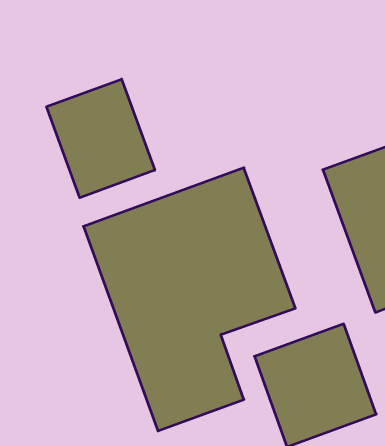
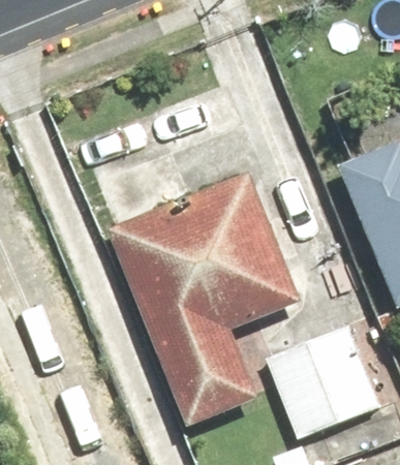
building: [47,79,155,198] -> none

